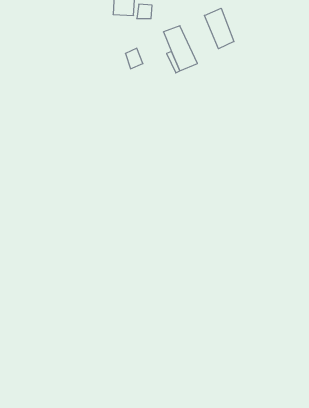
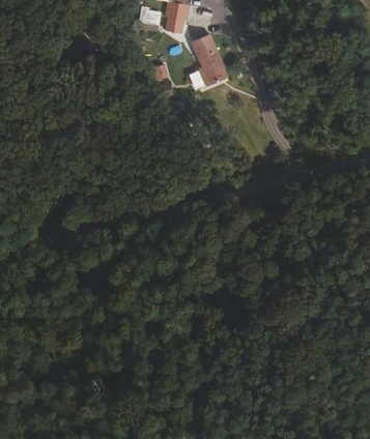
building: [204,8,234,49] -> none

